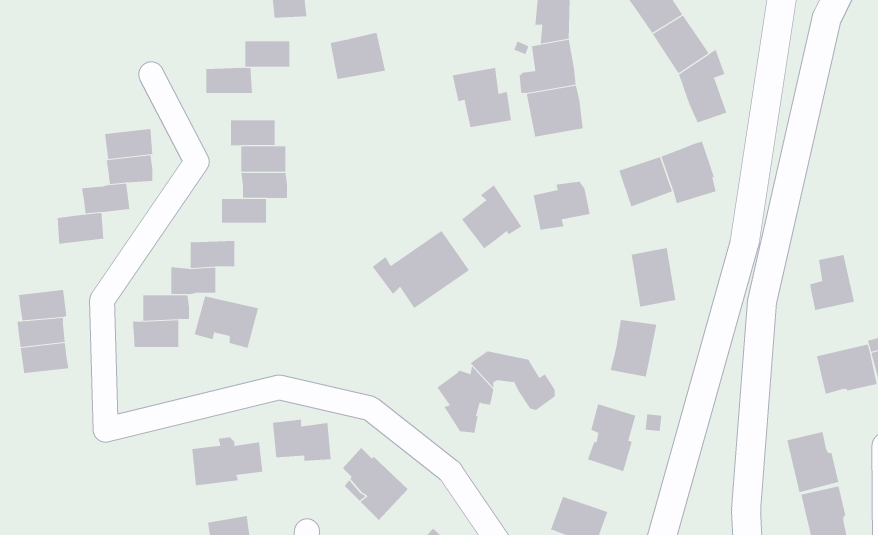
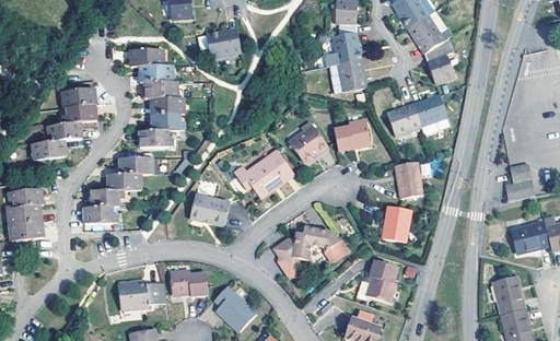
building: [245,41,290,67] -> [140,64,168,81]
building: [452,67,511,128] -> none
building: [194,296,259,349] -> [189,195,230,227]

